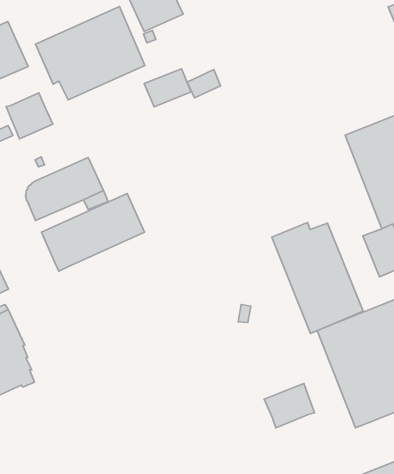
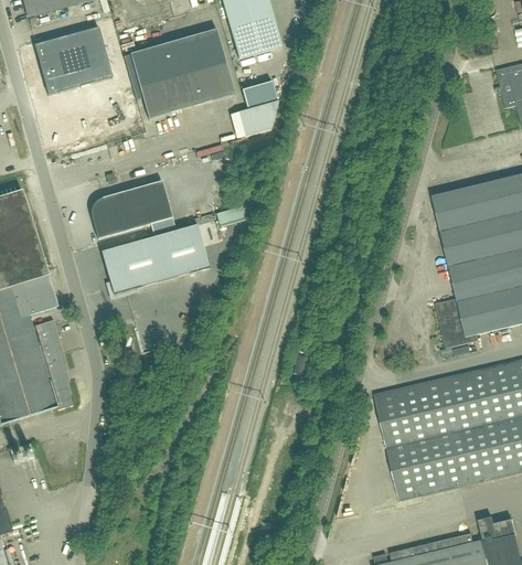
building: [187,70,221,98] -> [242,81,276,107]
building: [6,93,53,139] -> none
building: [272,222,363,333] -> none
building: [264,384,315,428] -> none

